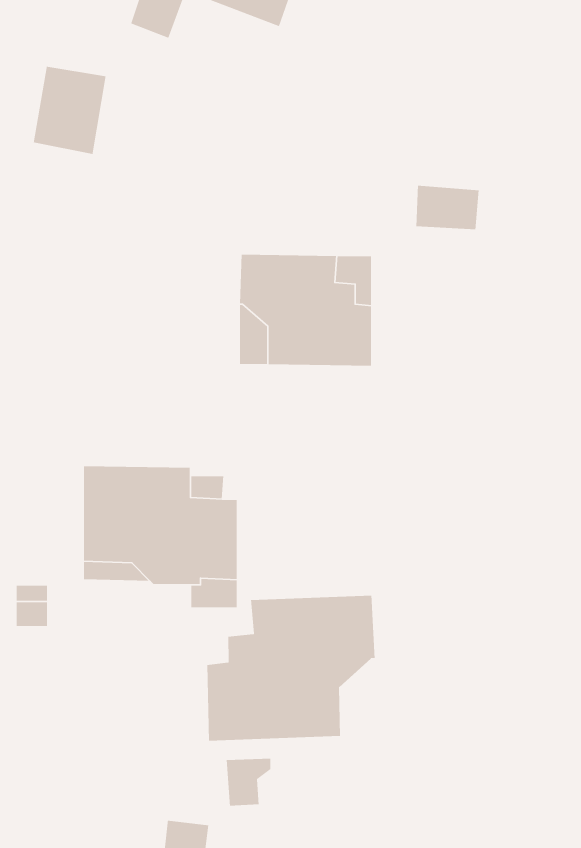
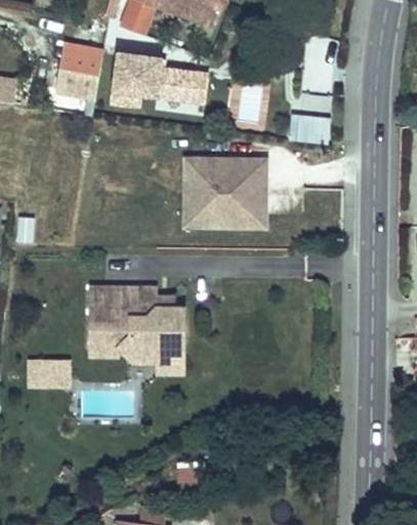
building: none -> [111,53,204,107]
building: [207,595,376,742] -> none

